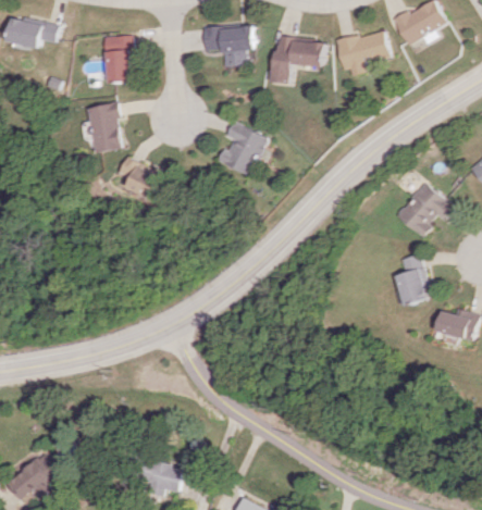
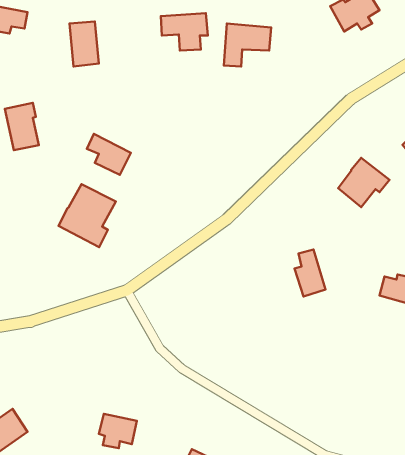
building: [334,28,385,76] -> none
building: [87,101,124,152] -> [5,103,39,150]
building: [220,121,269,175] -> none
building: none -> [59,184,116,247]
building: [398,253,432,304] -> [294,249,325,297]

